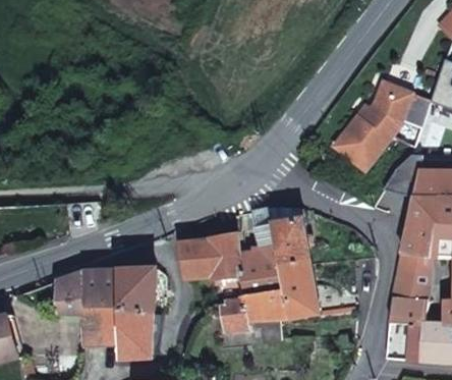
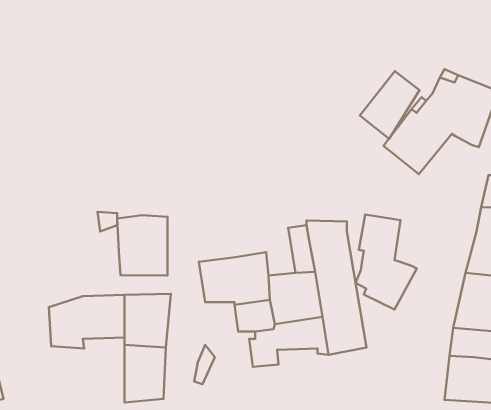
building: none -> [360,71,419,139]
building: none -> [355,214,417,309]
building: none -> [117,215,168,276]
building: [83,305,118,343] -> none
building: [245,314,281,342] -> none

